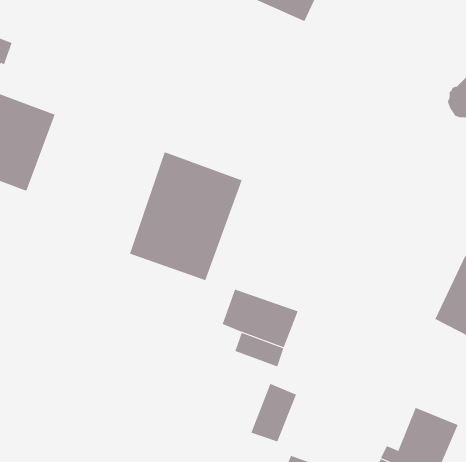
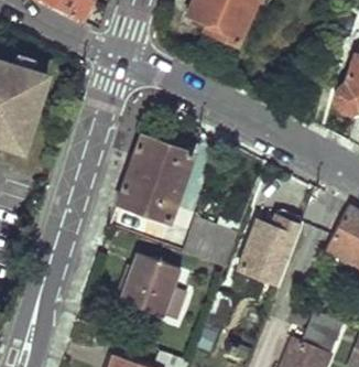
building: none -> [238,211,301,285]
building: none -> [115,253,187,324]

